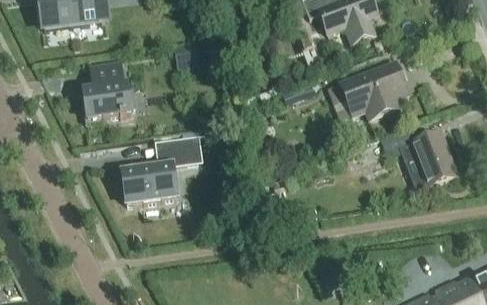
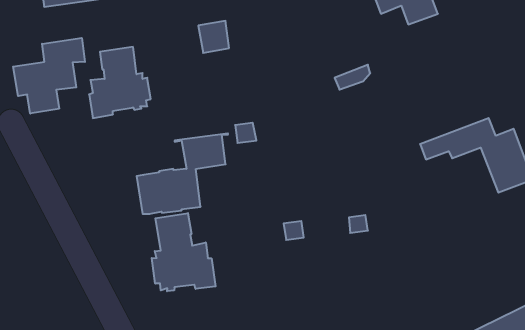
building: none -> [13,38,85,114]
building: [339,61,408,120] -> none
building: none -> [152,213,216,291]

